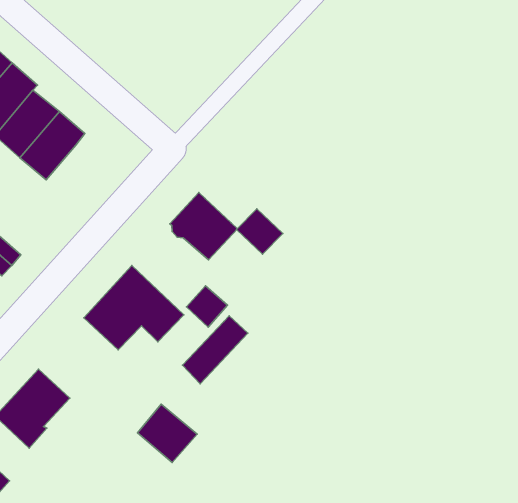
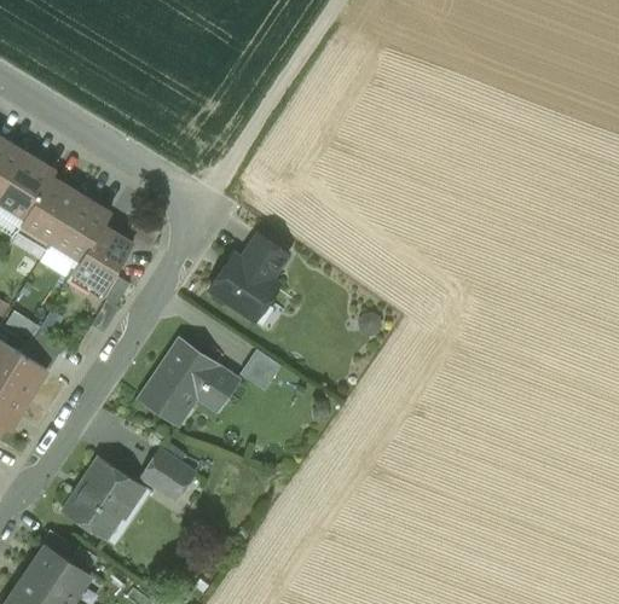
building: none -> [69,226,132,294]
building: [237,209,283,254] -> [241,234,288,279]
building: [182,316,248,384] -> none
building: [138,404,197,462] -> [137,445,197,501]

